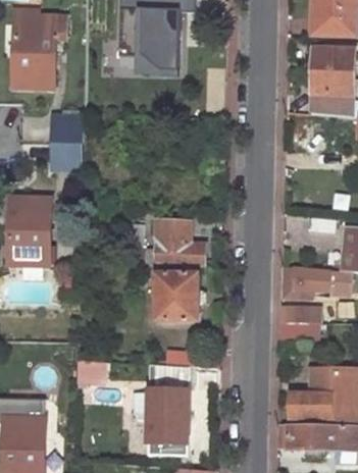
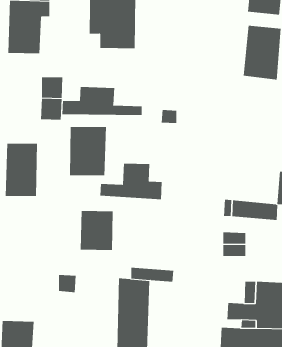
building: none -> [62,86,142,116]
building: none -> [69,126,107,176]
building: [158,270,200,320] -> [80,210,114,251]

